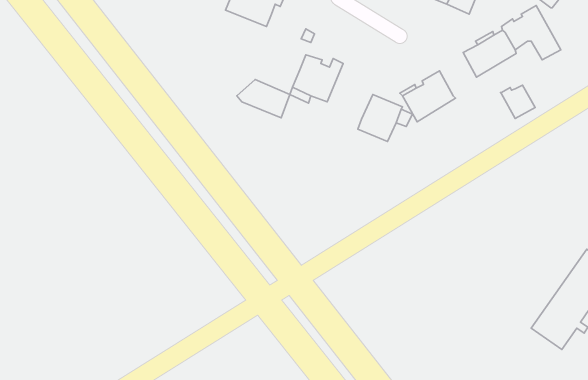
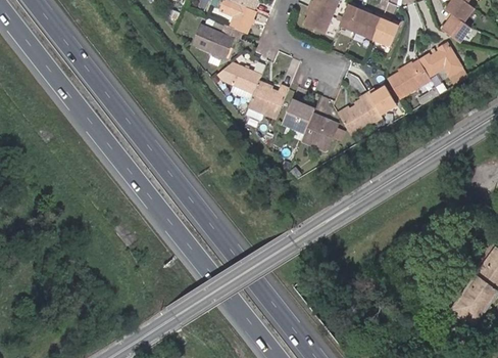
building: none -> [281,99,314,134]
building: [237,80,290,118] -> [215,61,259,93]
building: [500,85,535,118] -> [366,87,395,115]

